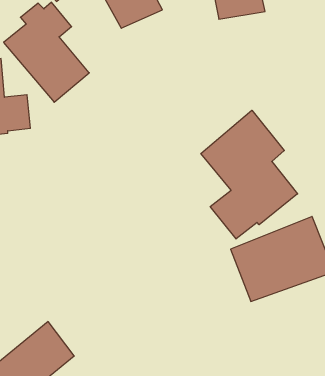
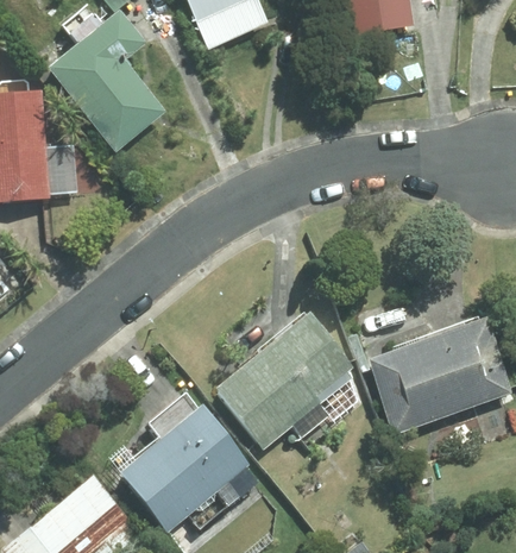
building: [201,110,298,239] -> none
building: none -> [225,314,354,439]
building: none -> [130,383,264,522]

